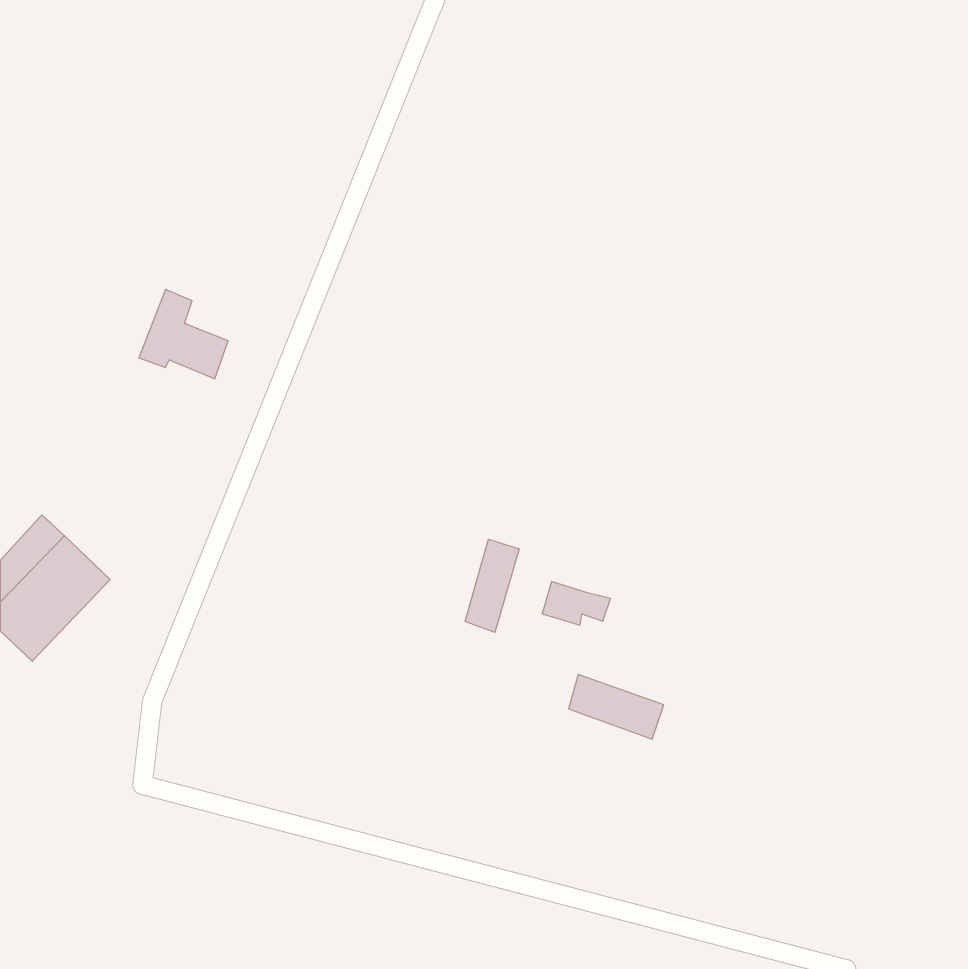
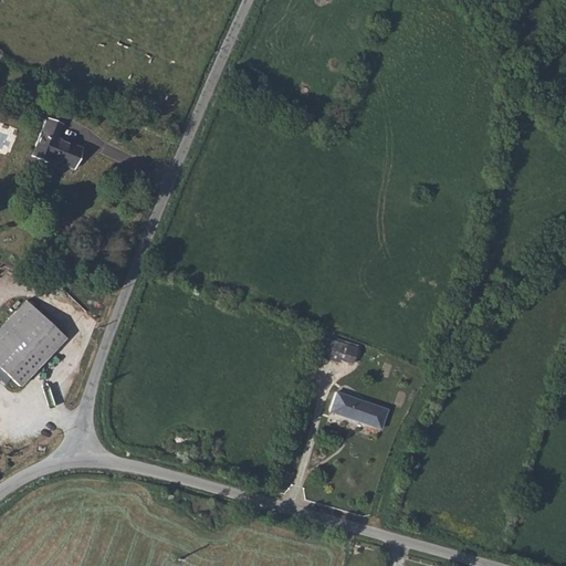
building: [139,289,228,379] -> [32,115,84,167]
building: [465,539,519,632] -> none

